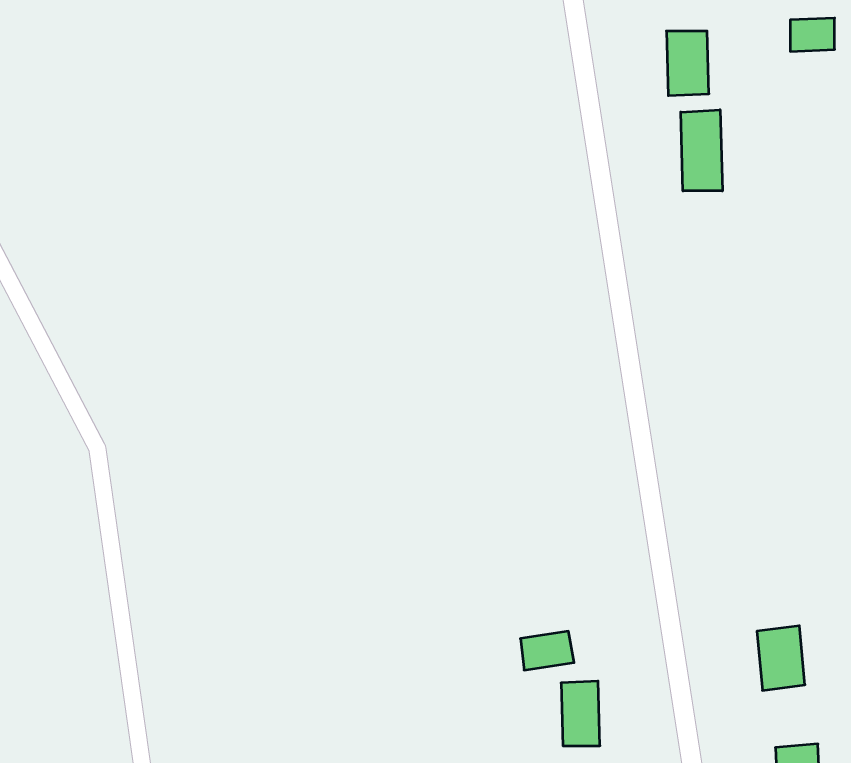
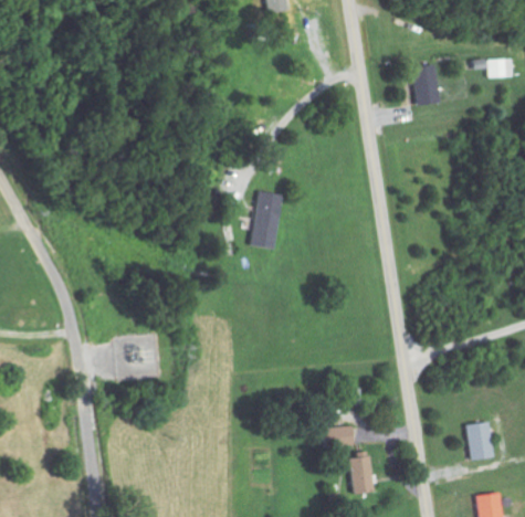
building: [681,110,722,191] -> none
building: none -> [250,191,283,251]

